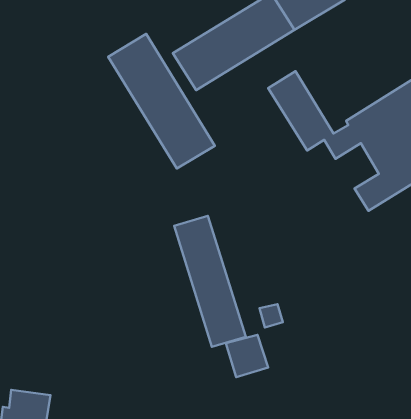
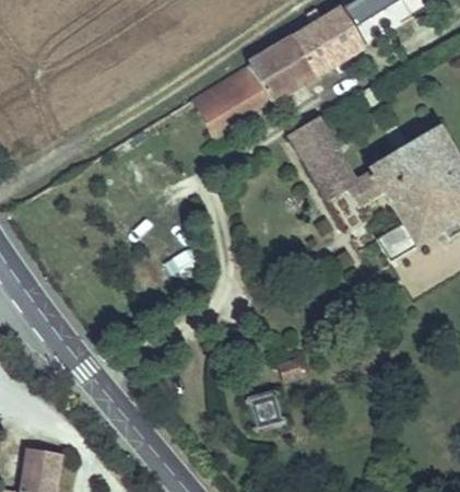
building: [108,34,215,169] -> none
building: [174,216,246,347] -> none

